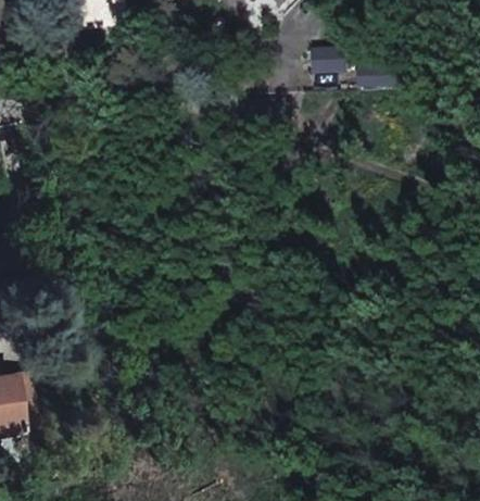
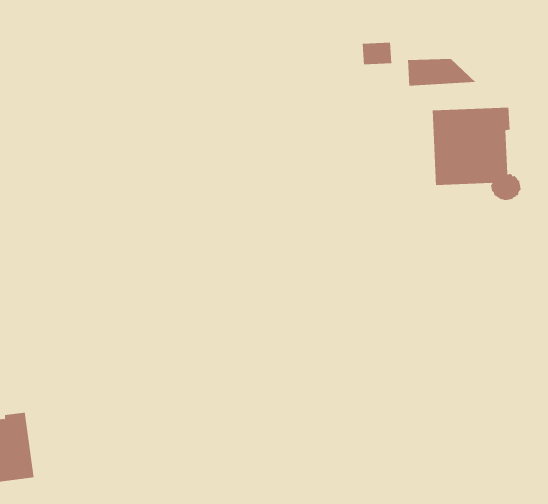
building: none -> [432,107,521,201]

